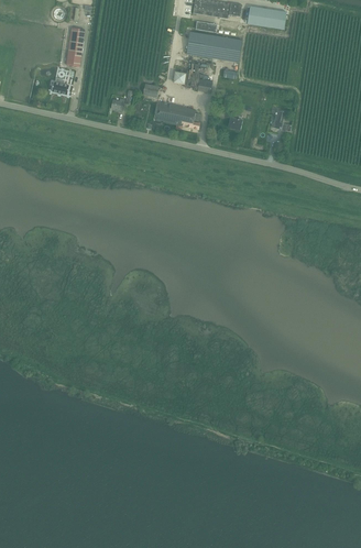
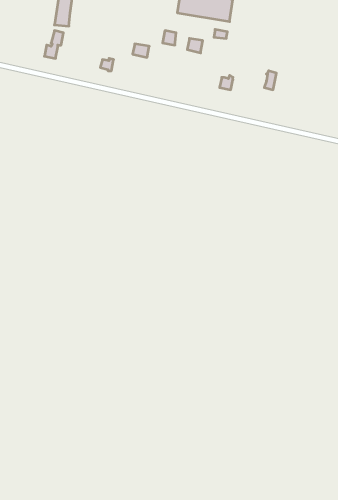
building: [154,101,198,129] -> none

